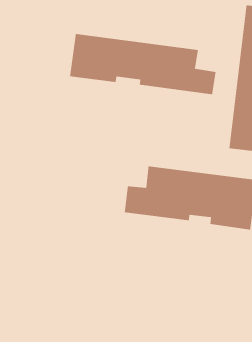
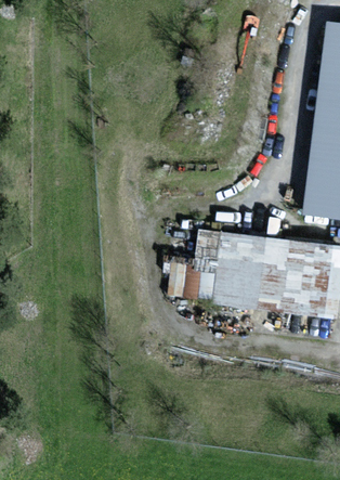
building: [69,33,216,95] -> none

